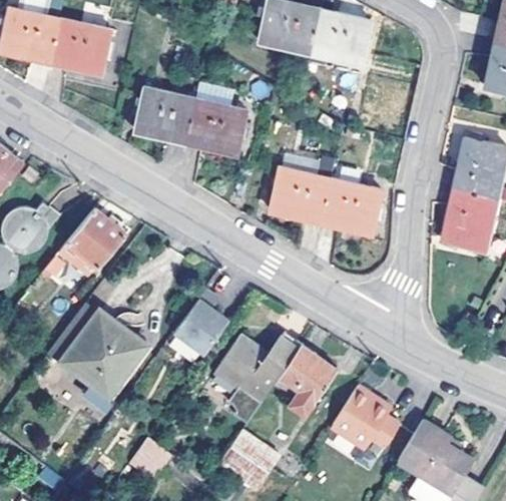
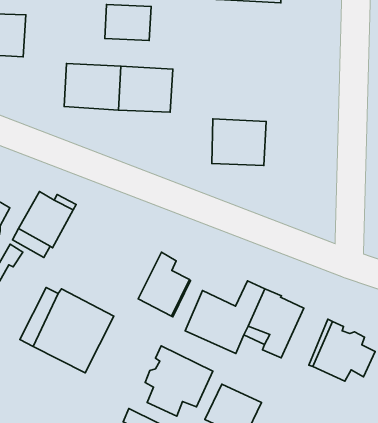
building: none -> [105,5,151,40]
building: [321,178,381,232] -> none
building: none -> [145,346,213,416]

